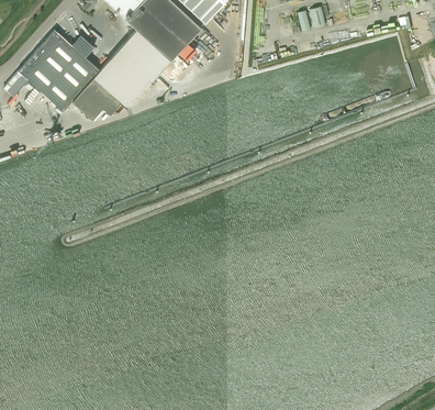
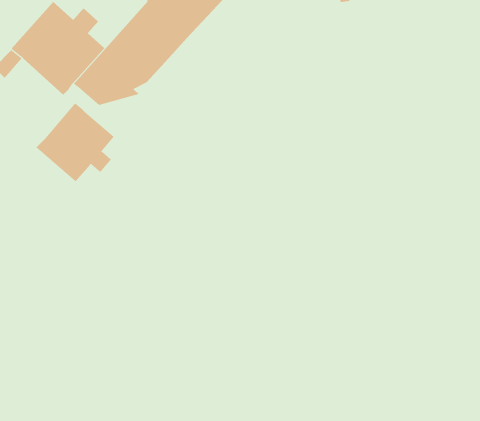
building: none -> [36,102,114,182]

